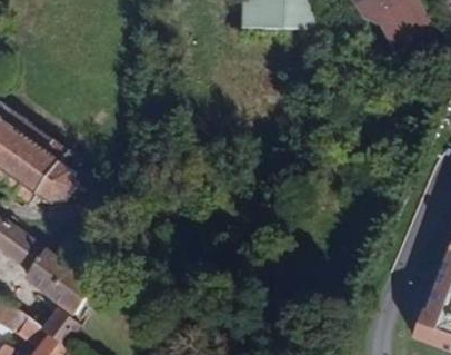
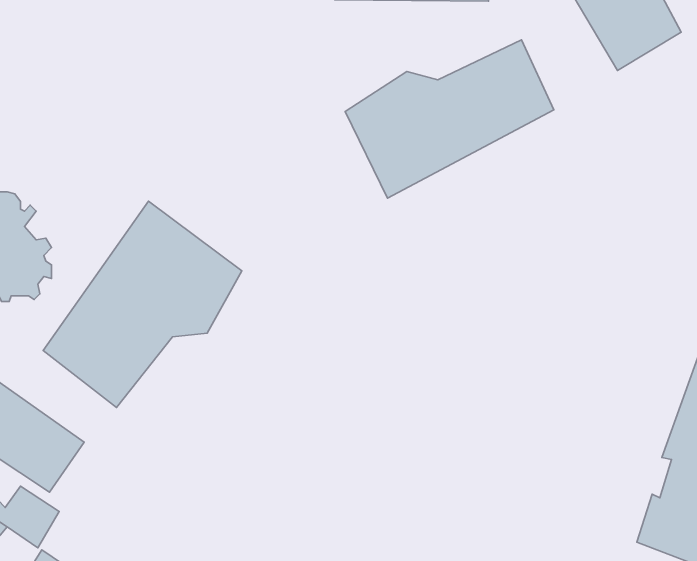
building: none -> [345,40,554,198]
building: none -> [43,201,242,408]

